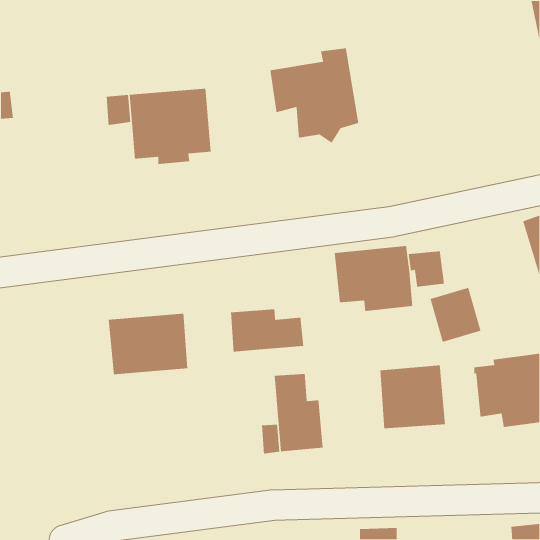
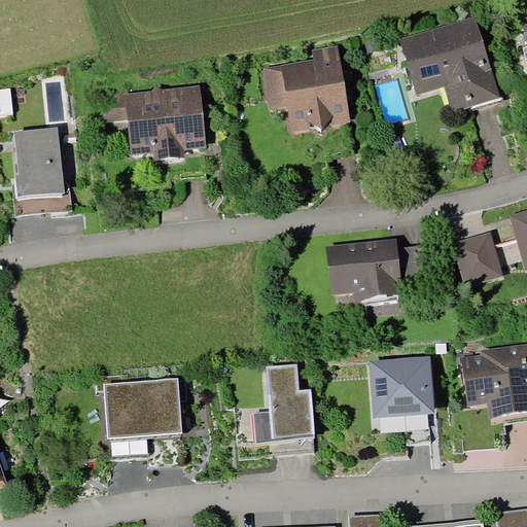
building: none -> [400,15,500,110]
building: none -> [15,127,65,197]
building: [430,287,481,343] -> [453,232,503,286]
building: [230,308,304,352] -> none
building: [108,313,188,375] -> [104,378,182,438]

